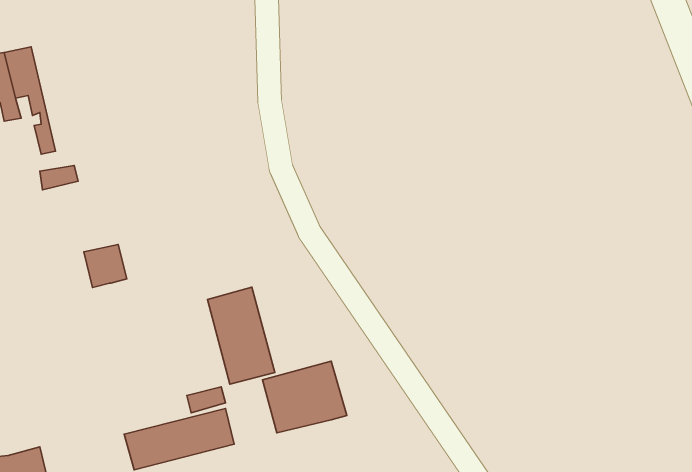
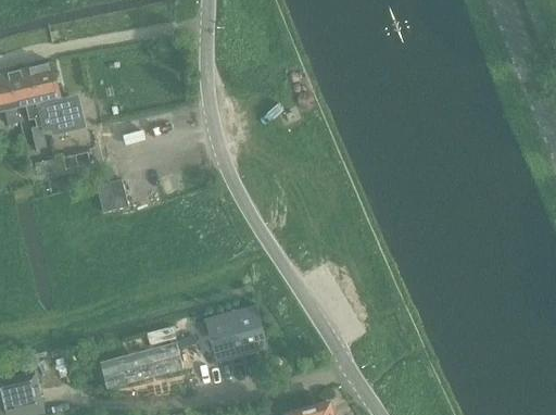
building: none -> [27,62,83,133]
building: [84,245,127,287] -> [94,179,127,212]
building: [207,287,275,384] -> none

